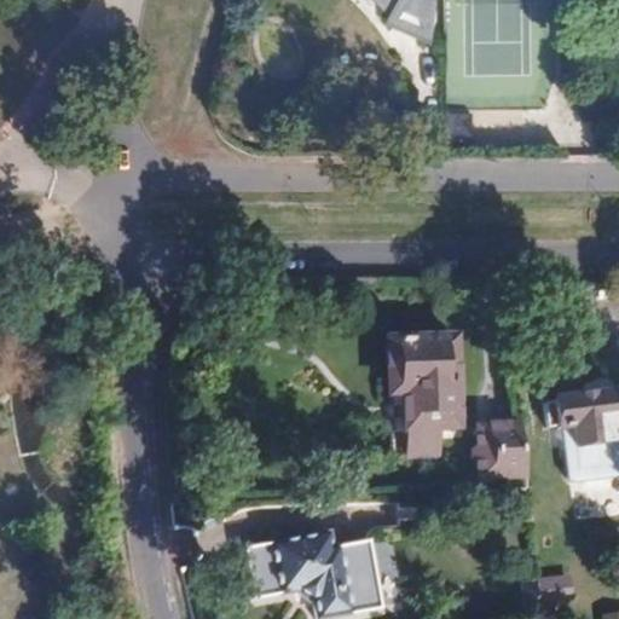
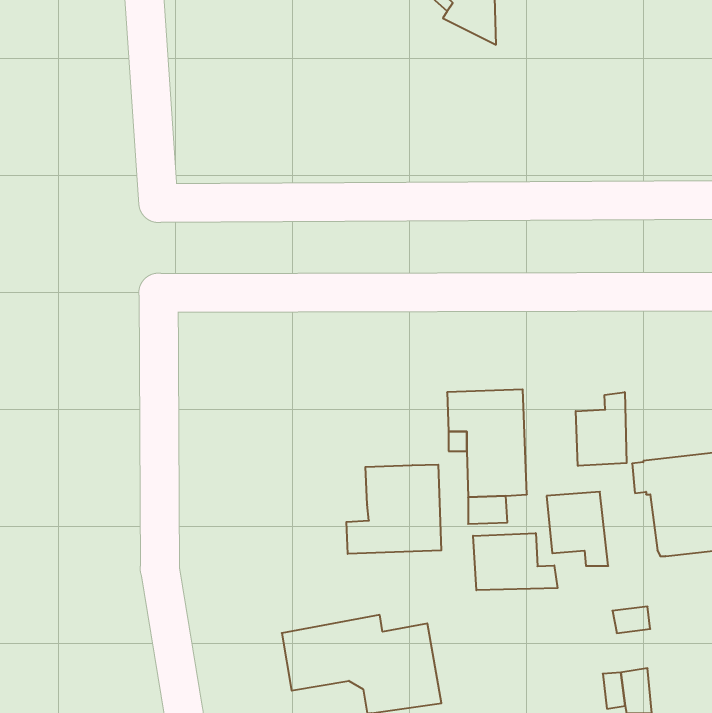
building: none -> [576,392,627,466]
building: none -> [346,465,441,554]
building: none -> [473,533,558,590]

